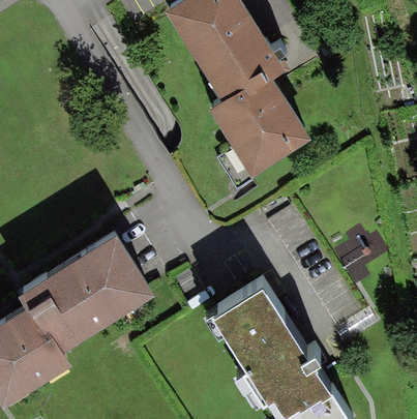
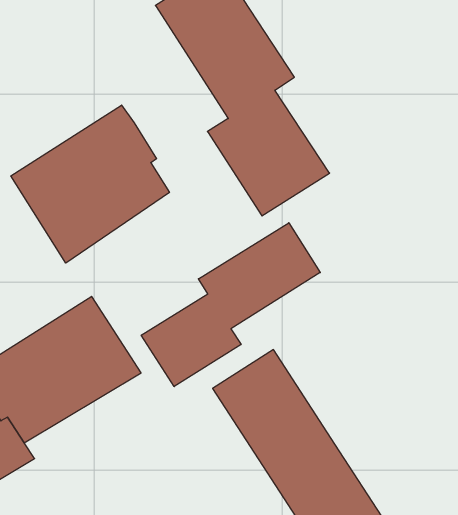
building: none -> [11,105,169,263]
building: none -> [141,223,320,387]

